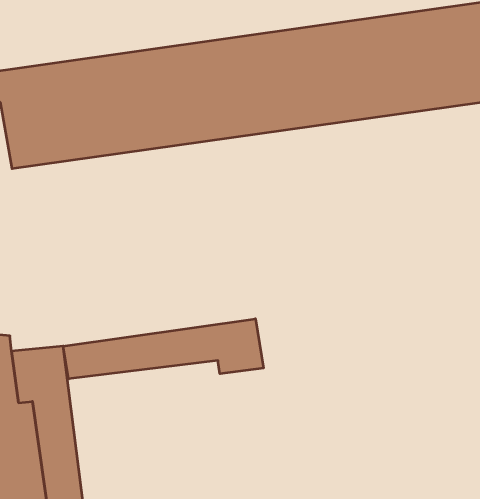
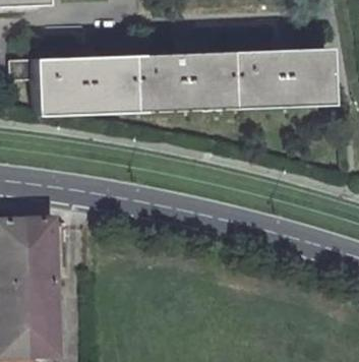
building: [63,319,263,379] -> none

